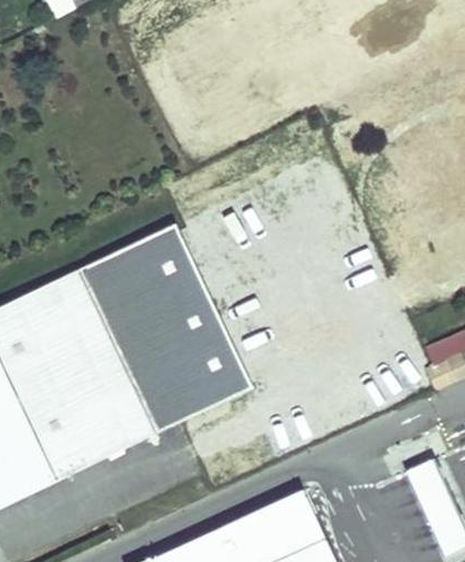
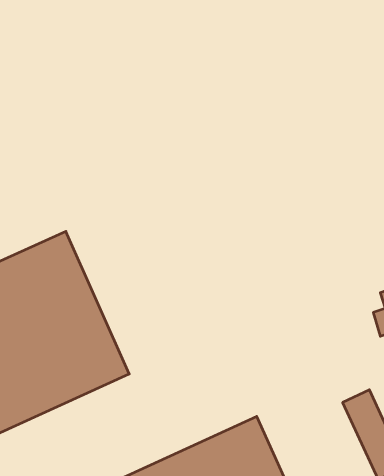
building: [85,233,250,434] -> none

